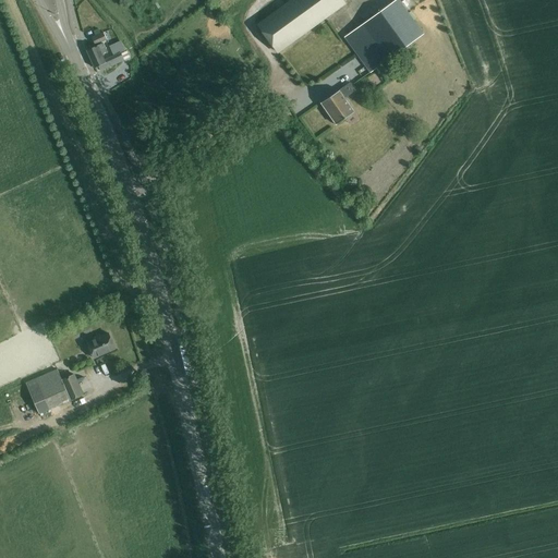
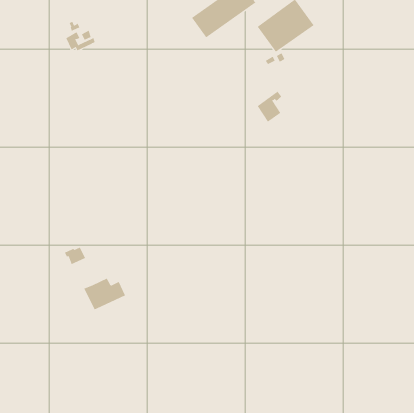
building: [322,82,355,124] -> [257,91,282,122]
building: [25,369,82,413] -> [84,278,126,310]

